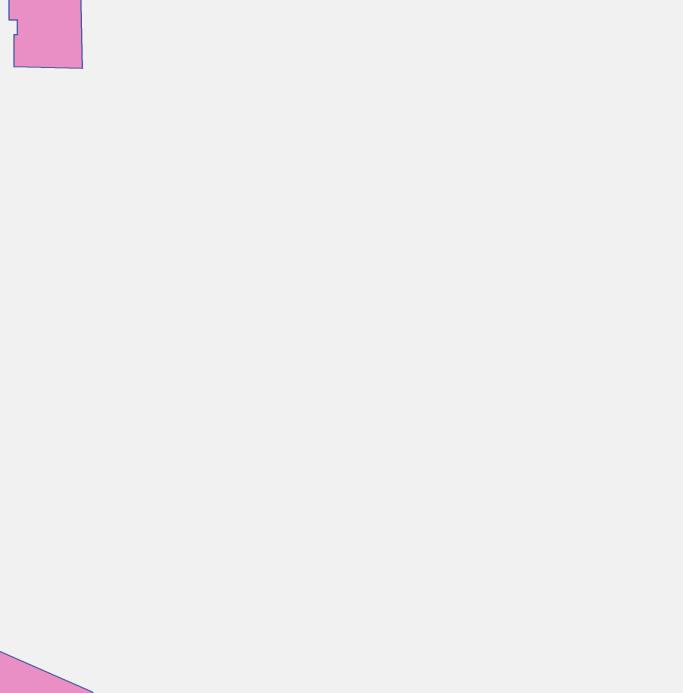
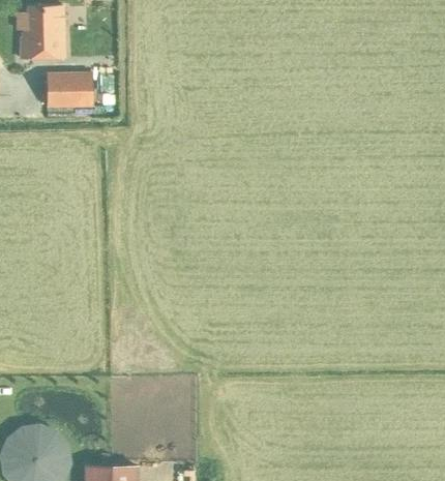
building: none -> [49,74,96,109]

